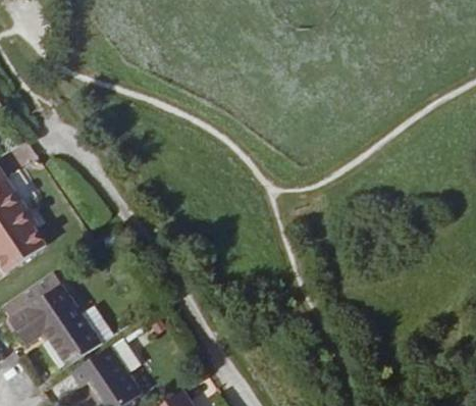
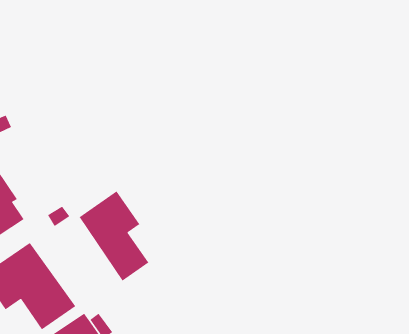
building: none -> [79,190,149,281]

